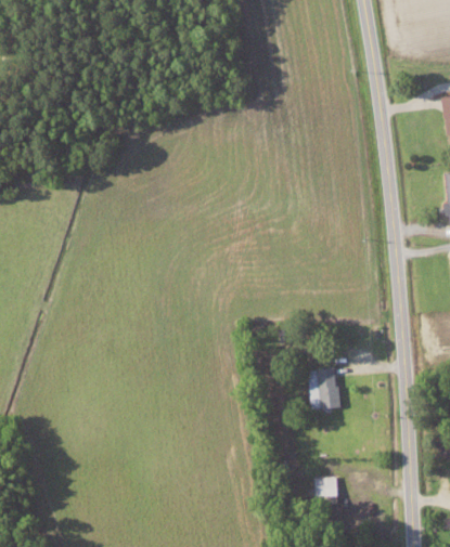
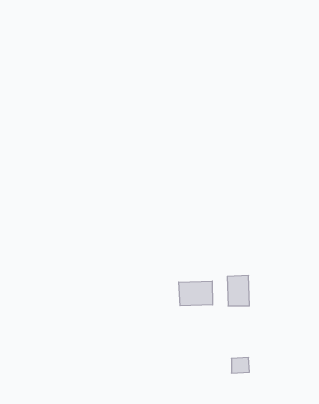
building: none -> [179,281,213,306]

